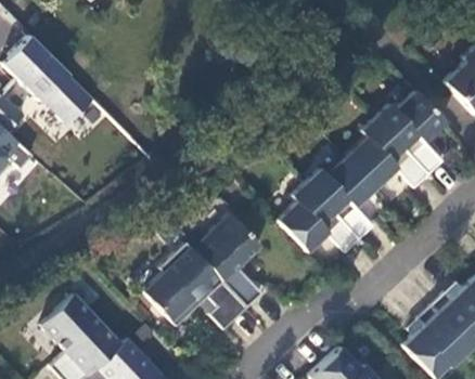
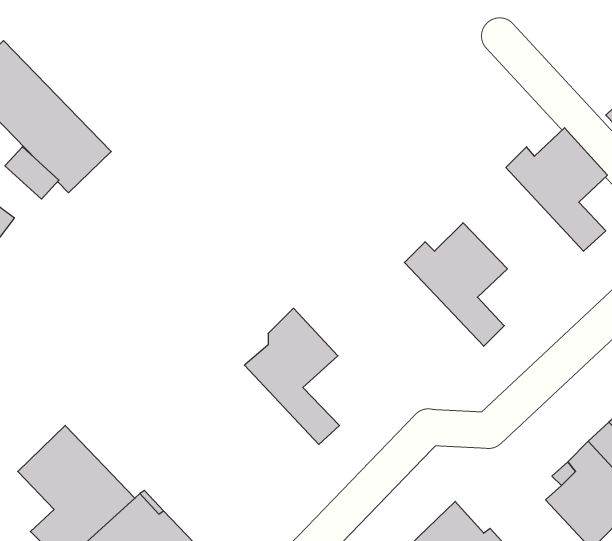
building: [346,118,428,188] -> none
building: [278,183,360,253] -> none
building: [143,243,247,330] -> none

